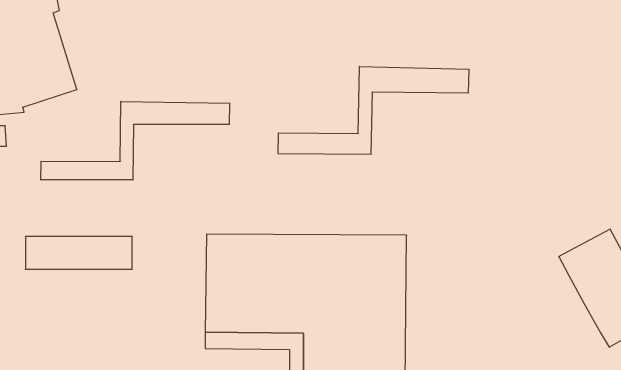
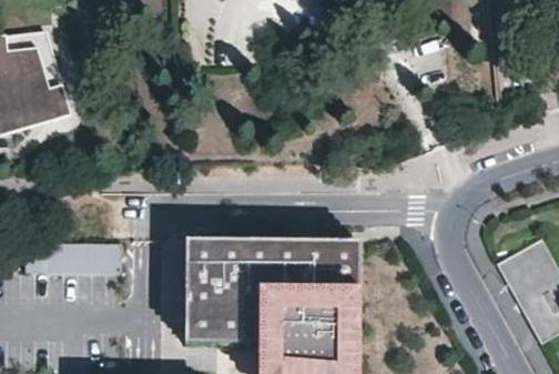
building: [278,66,469,154] -> none
building: [41,101,229,180] -> none

